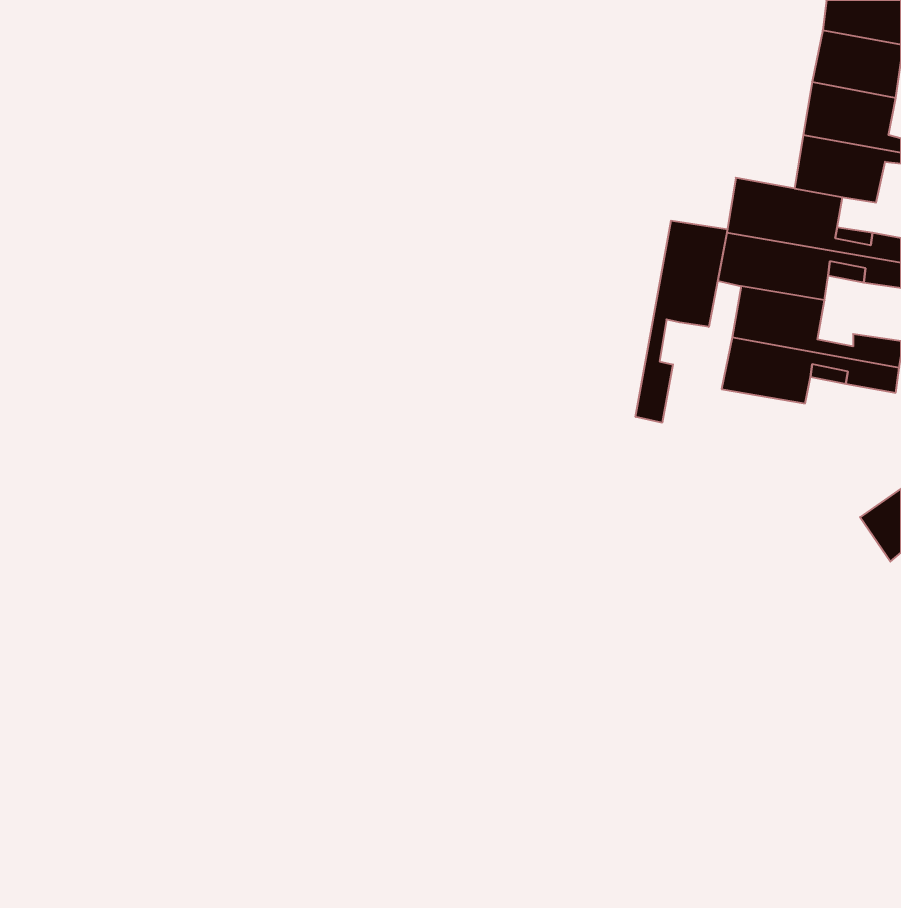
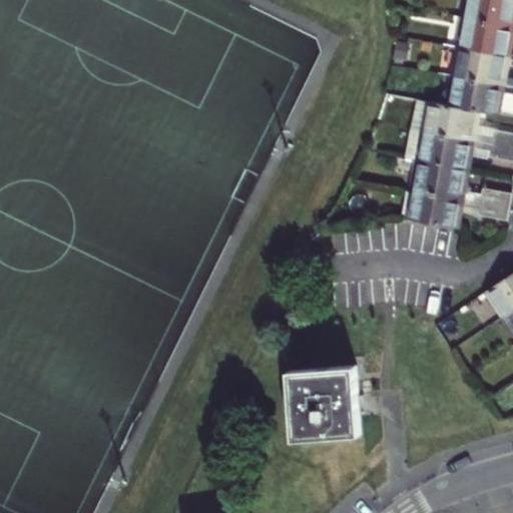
building: [636,221,727,423] -> none
building: none -> [287,366,359,440]

